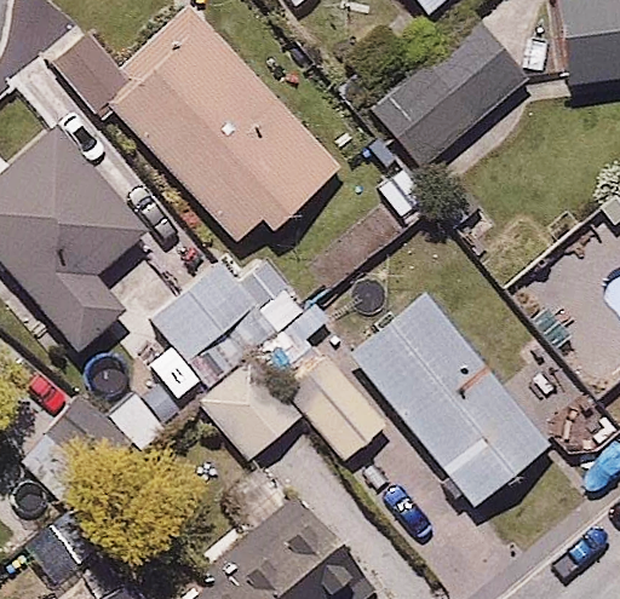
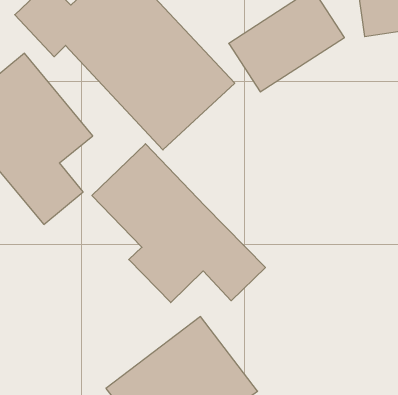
building: [351,289,557,514] -> none

